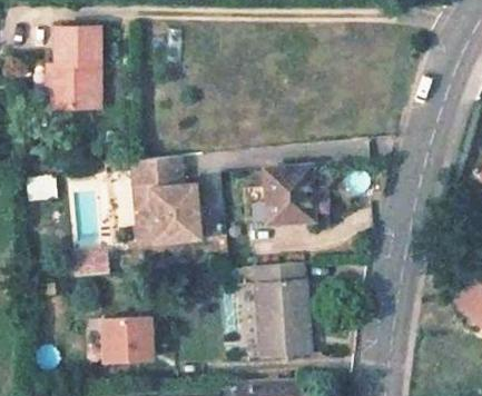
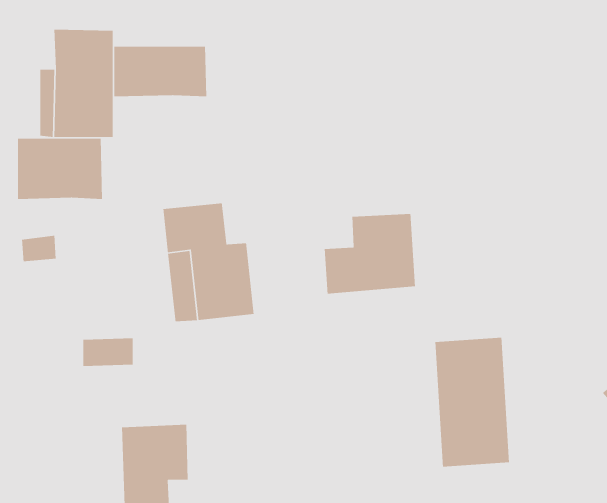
building: none -> [113,46,207,97]
building: none -> [17,138,103,200]
building: [257,263,312,357] -> [435,337,510,468]

